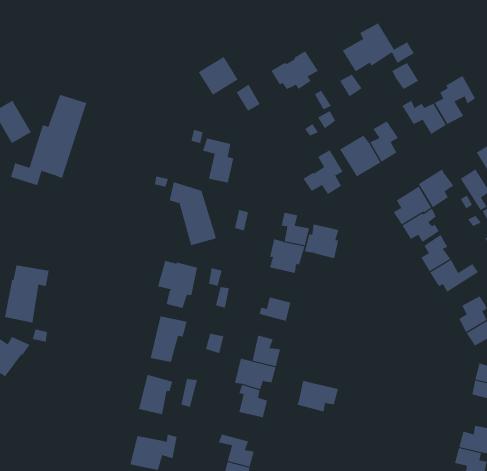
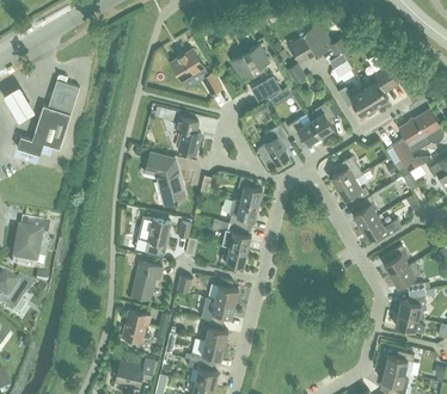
building: [418,169,454,208] -> none
building: [304,224,339,259] -> [222,221,251,250]
building: [297,380,339,412] -> [190,337,225,363]

